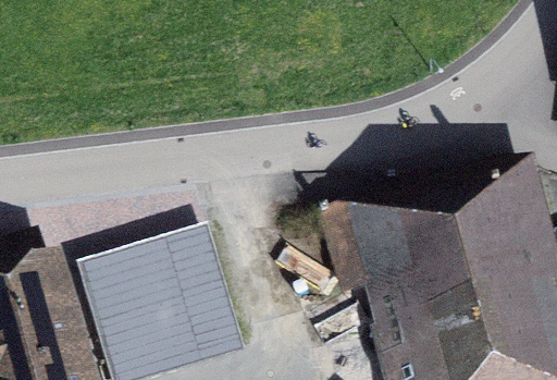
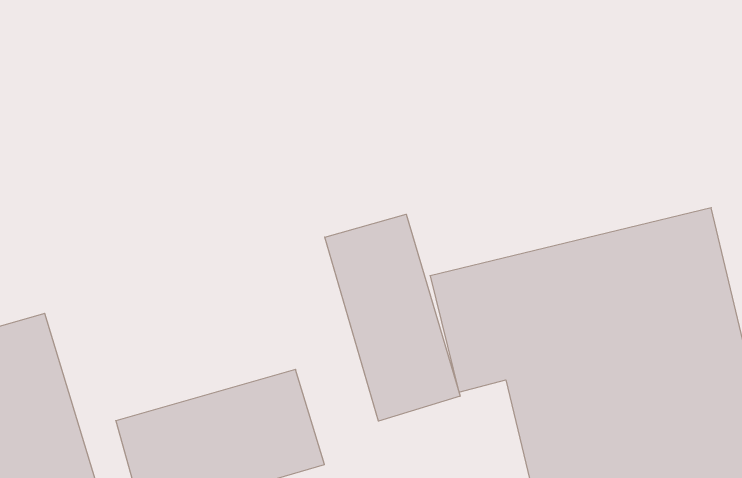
building: none -> [325,214,460,421]
building: [76,221,223,318] -> none

